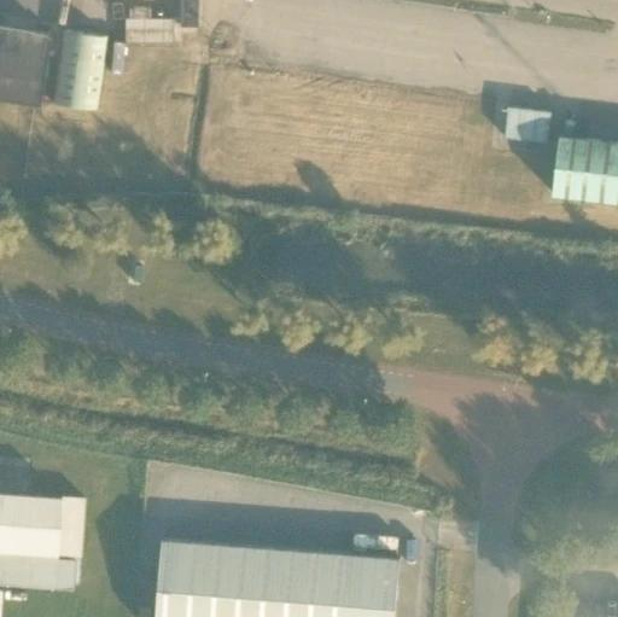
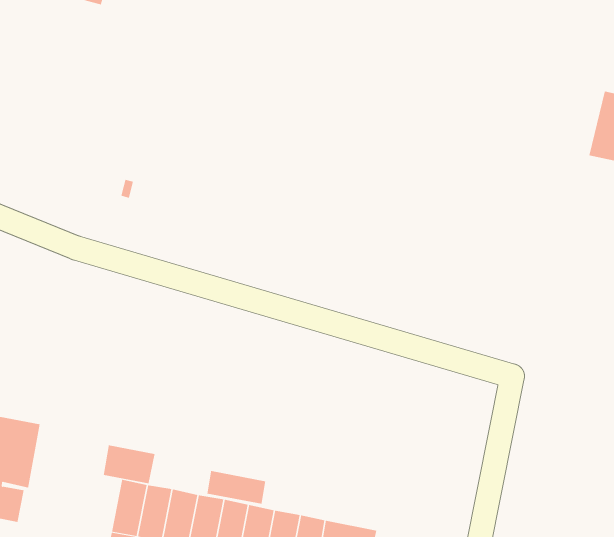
building: [505,107,550,144] -> none
building: none -> [103,445,155,484]
building: none -> [207,470,266,505]

